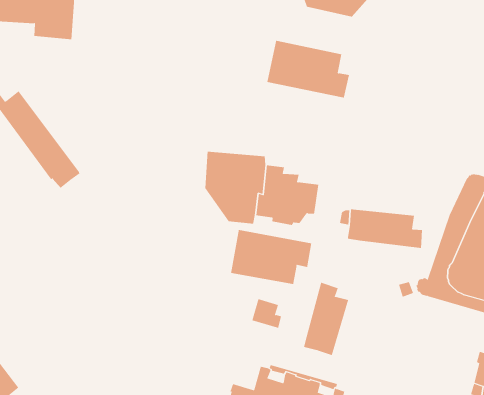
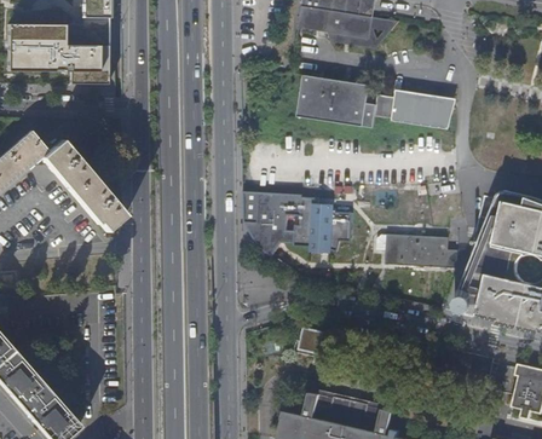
building: none -> [382,96,454,127]
building: [230,229,312,285] -> none
building: [304,282,349,356] -> none

